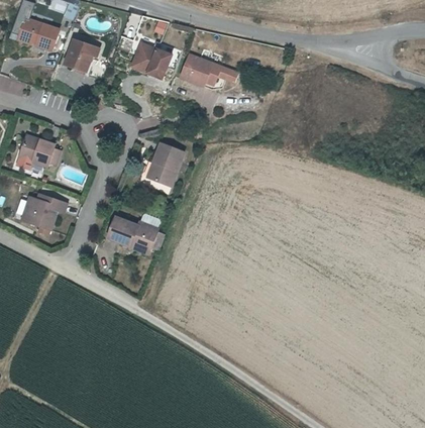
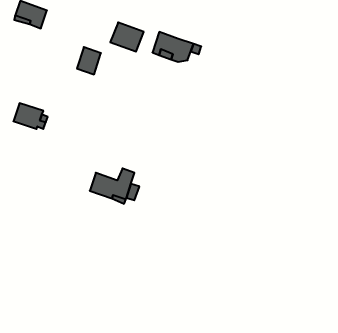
building: [65,39,93,72] -> [77,47,101,74]
building: [148,142,184,186] -> none
building: [22,198,67,233] -> none

